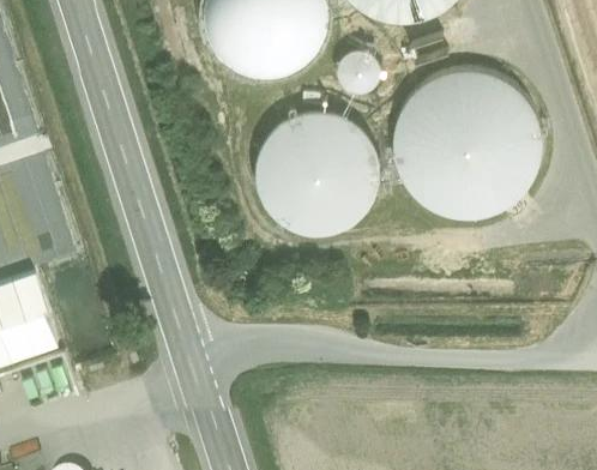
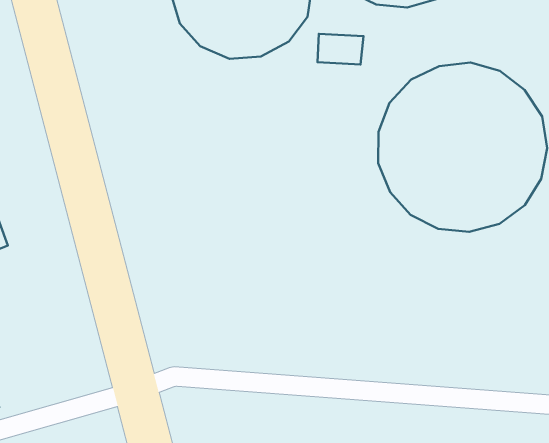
building: [254,112,379,236] -> none

